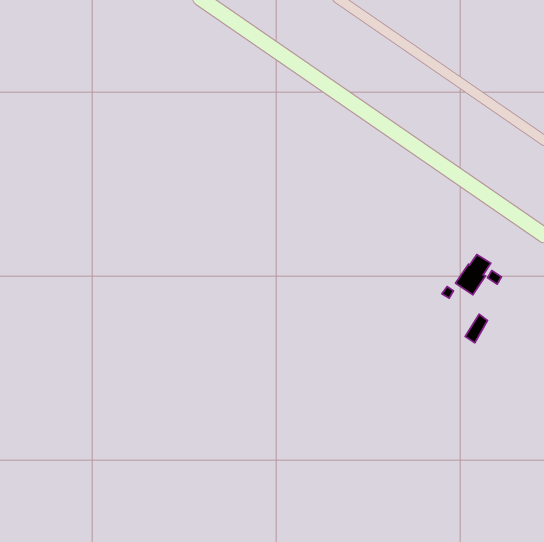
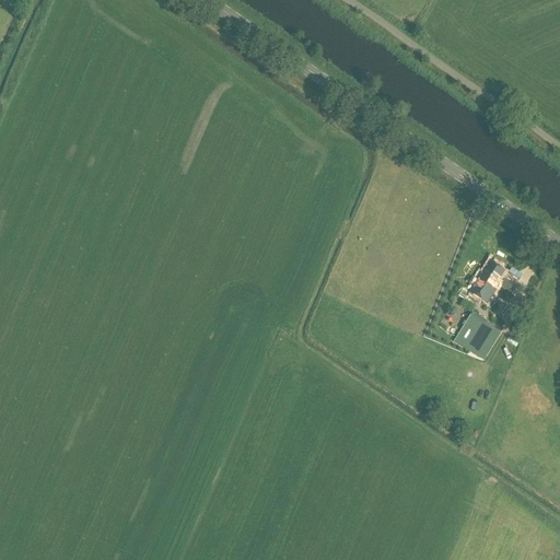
building: none -> [456,311,488,346]

